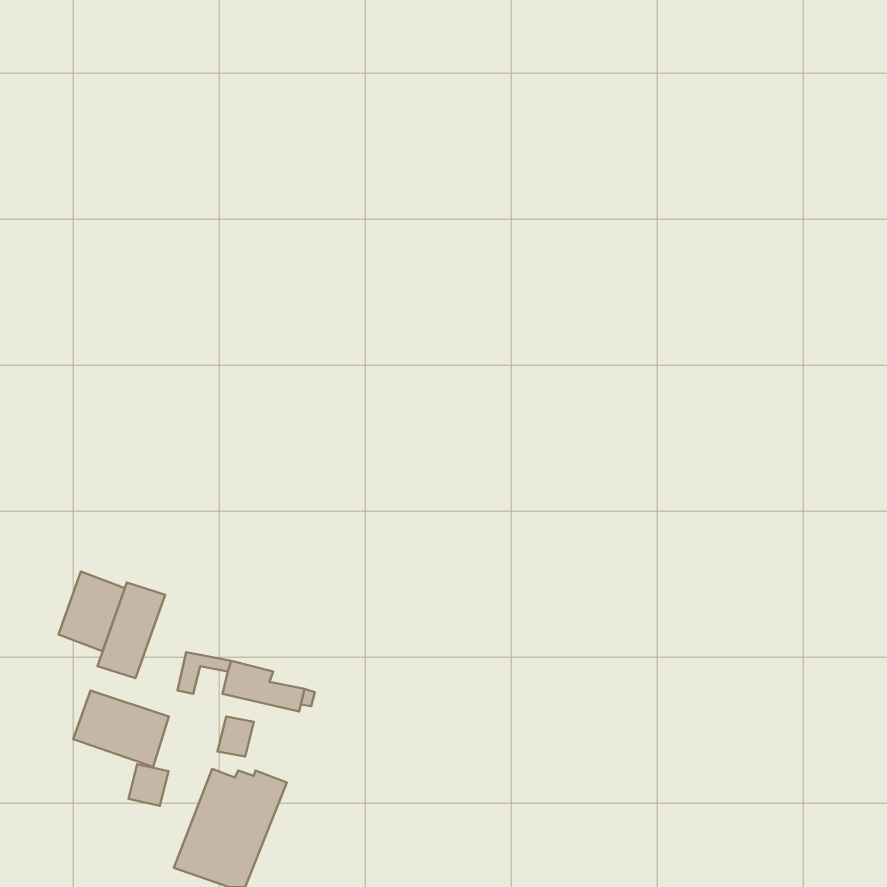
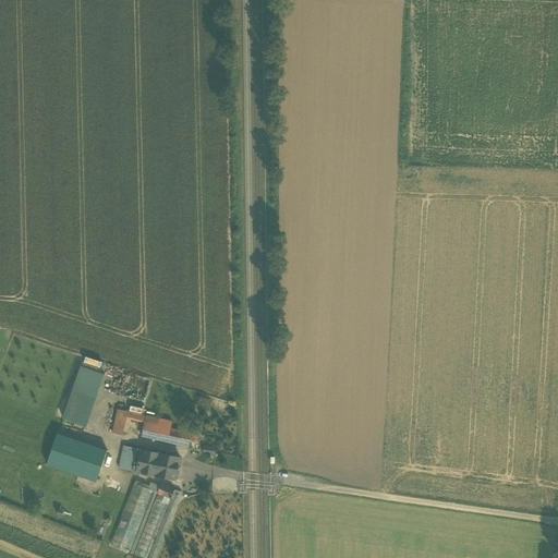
building: [58,572,125,651] -> none
building: none -> [154,452,179,478]
building: [128,764,168,806] -> [117,445,142,471]

